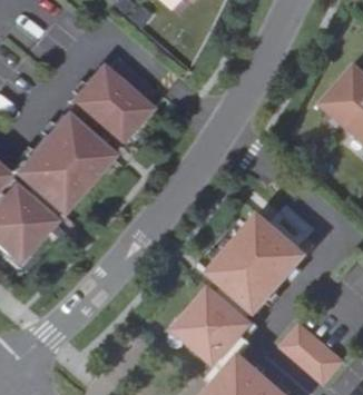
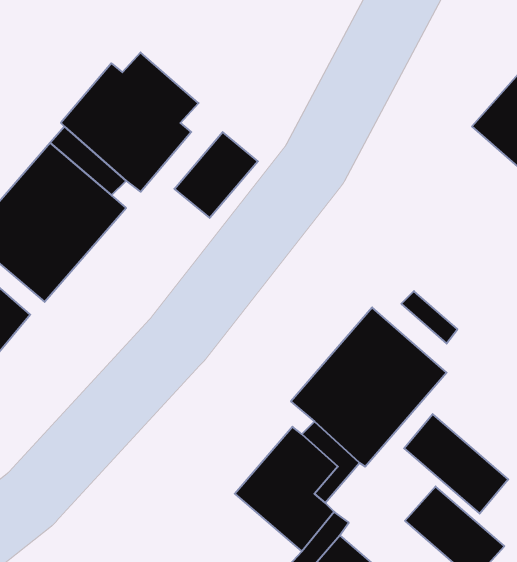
building: none -> [174,132,258,218]
building: none -> [404,414,508,514]

